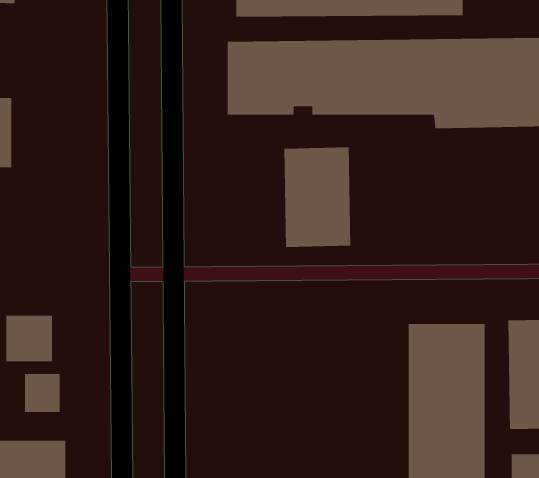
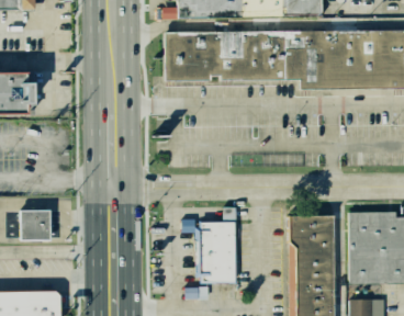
building: [284,146,351,248] -> [197,221,240,286]
building: [24,373,61,413] -> none

